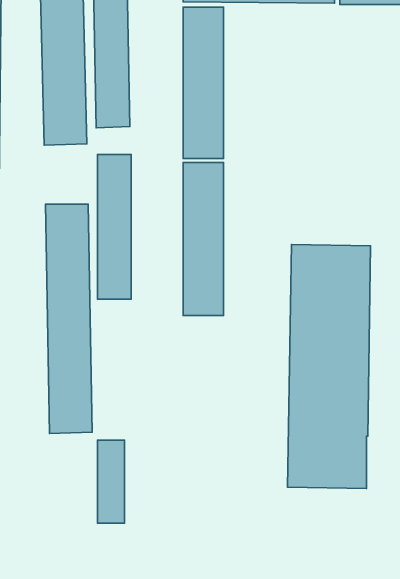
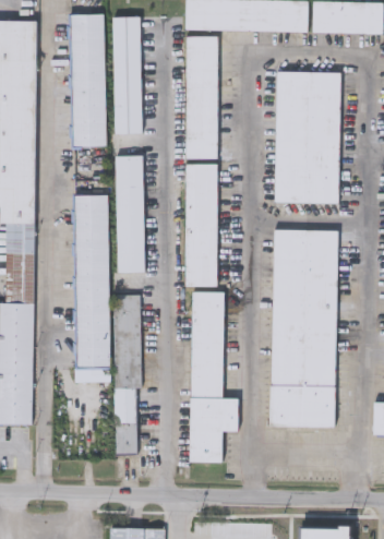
building: none -> [275,71,341,203]
building: none -> [190,291,239,462]
building: none -> [116,297,142,388]

